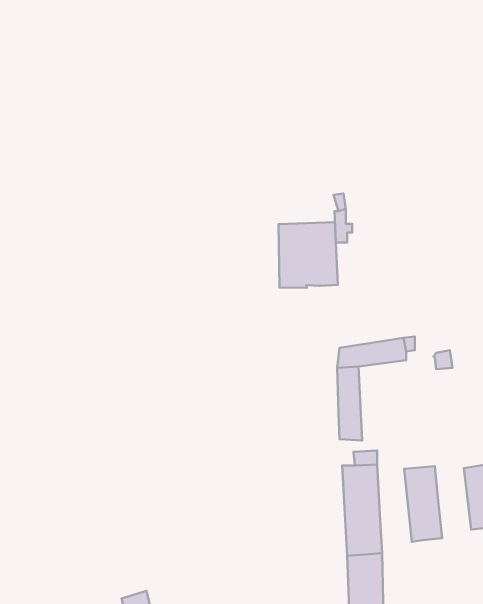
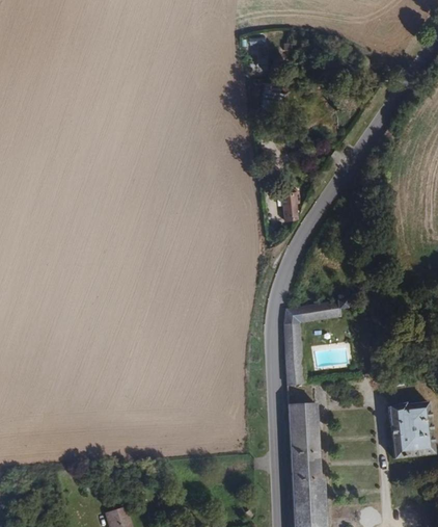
building: [278,222,338,288] -> none
building: [404,466,442,542] -> none

